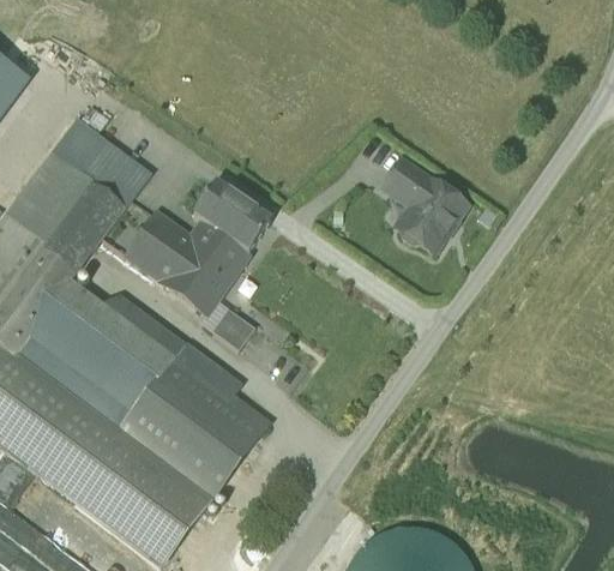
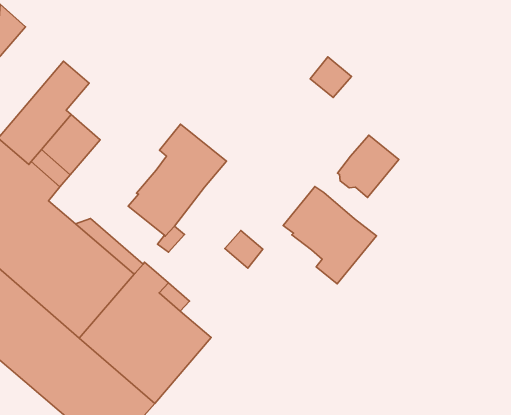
building: [84,143,150,206] -> none
building: [383,160,429,205] -> [310,57,352,97]
building: [127,212,191,280] -> none
building: none -> [283,186,377,284]
building: [211,307,254,349] -> [225,231,263,268]

